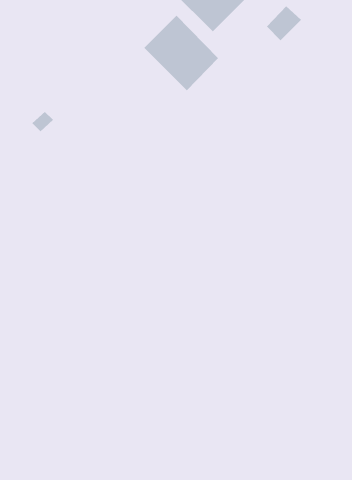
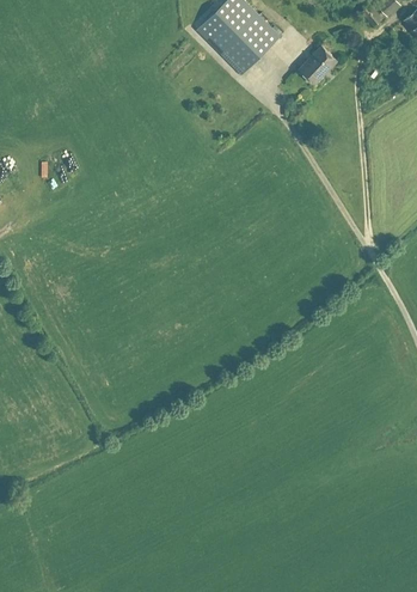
building: [143,15,219,91] -> none

